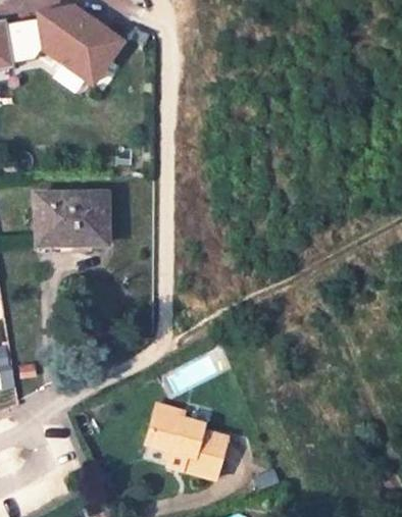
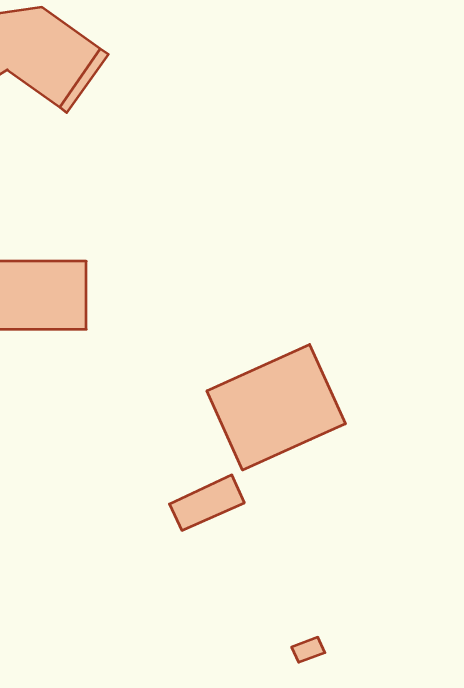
building: none -> [207,344,345,470]
building: [147,406,228,478] -> none

